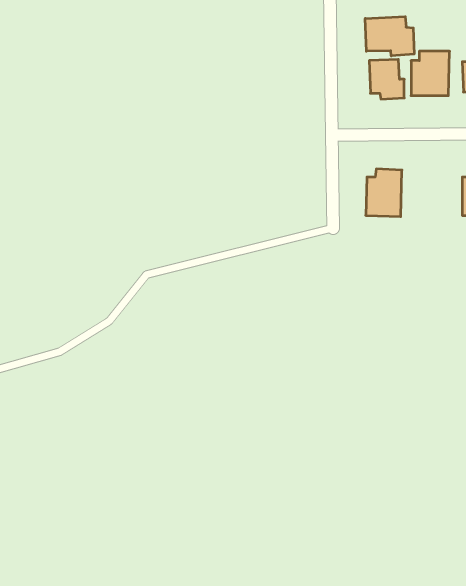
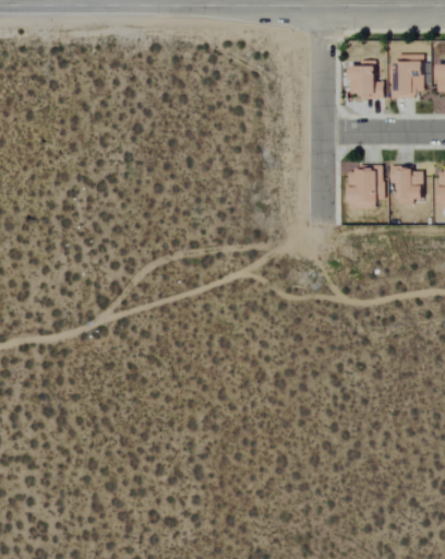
building: [365,17,414,56] -> none
building: none -> [387,167,421,204]

